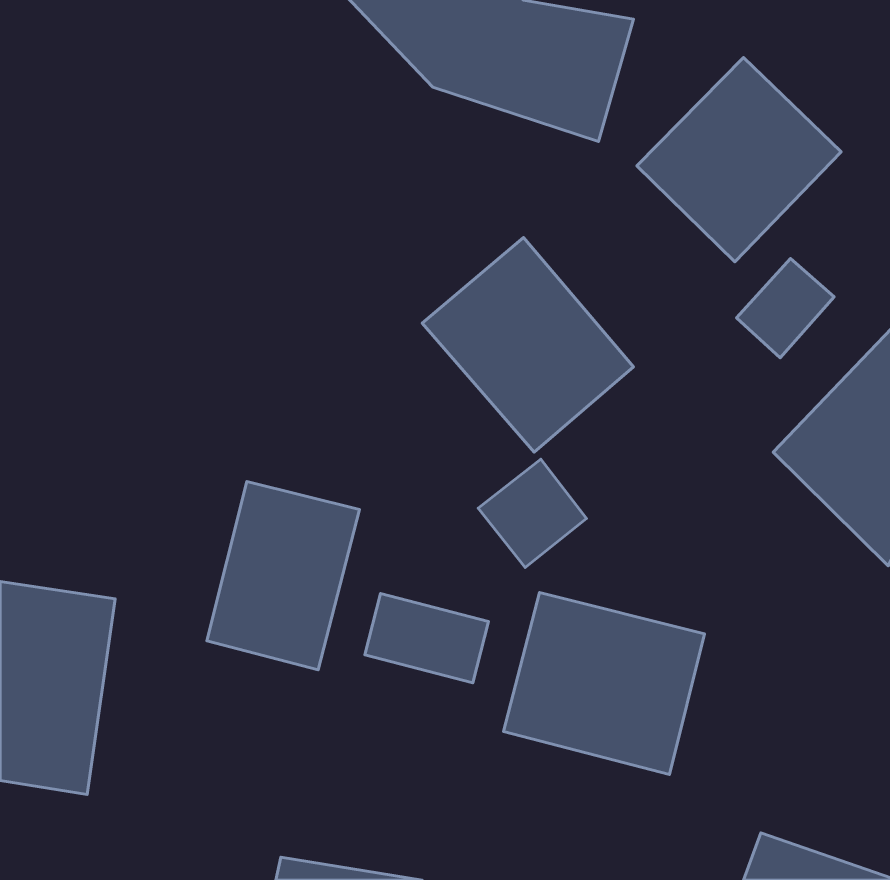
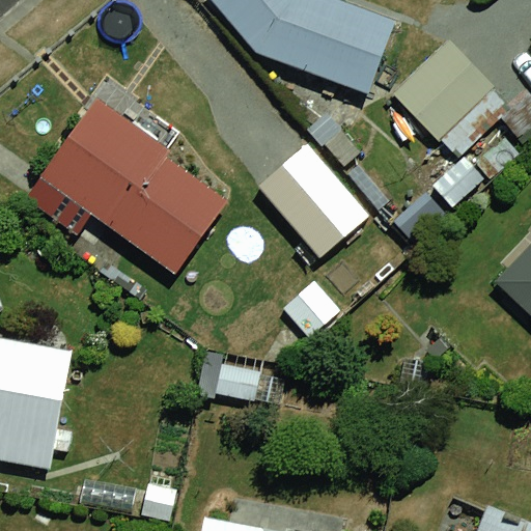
building: none -> [36,99,230,277]
building: [207,481,360,670] -> none
building: [503,593,705,775] -> none

